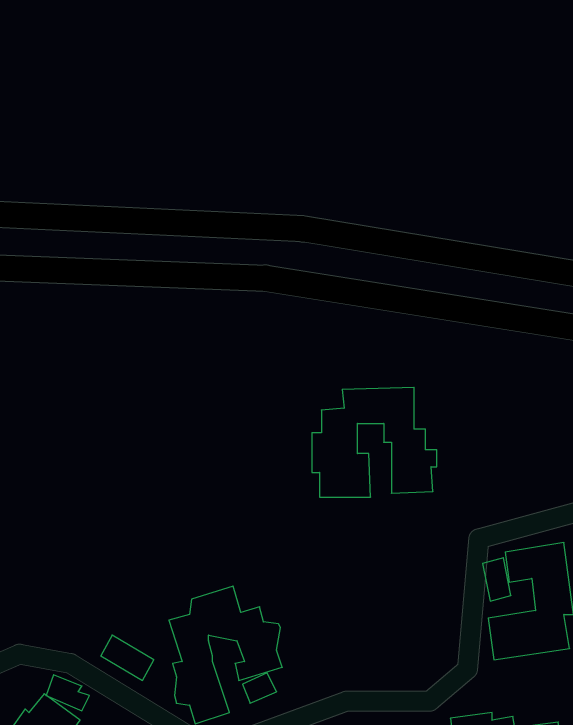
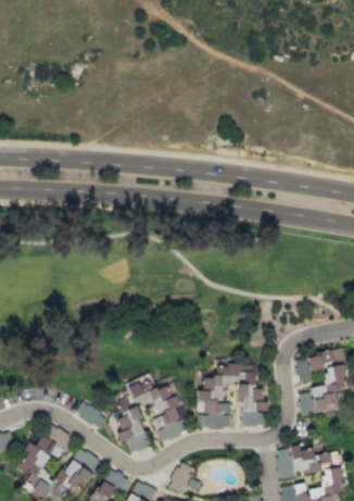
building: [312,387,437,497] -> [198,365,269,428]

